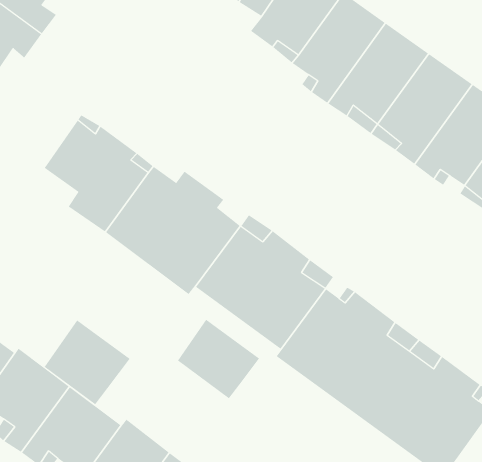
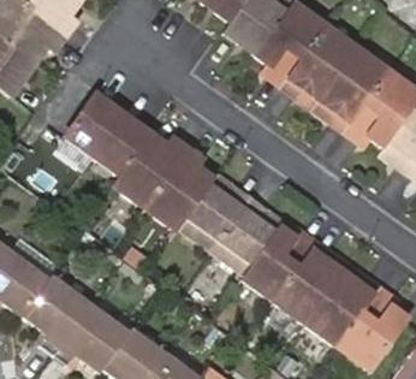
building: [177,319,260,399] -> none
building: [44,319,130,405] -> none

